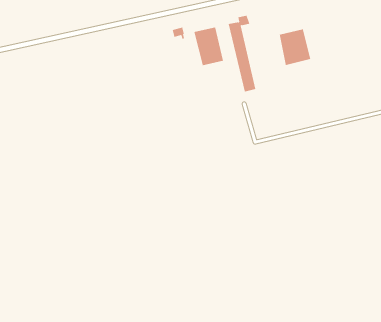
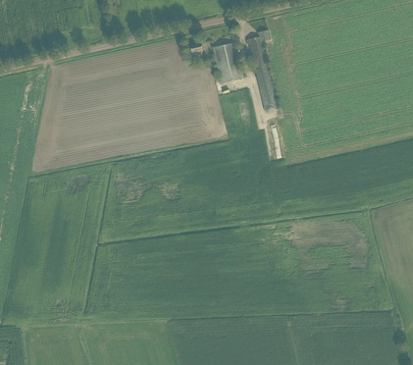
building: [279,28,311,66] -> none

